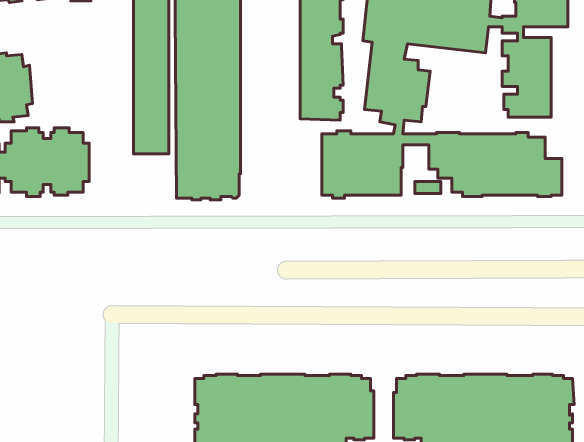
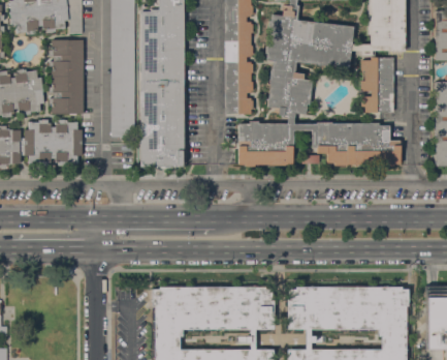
building: none -> [49,39,84,113]

